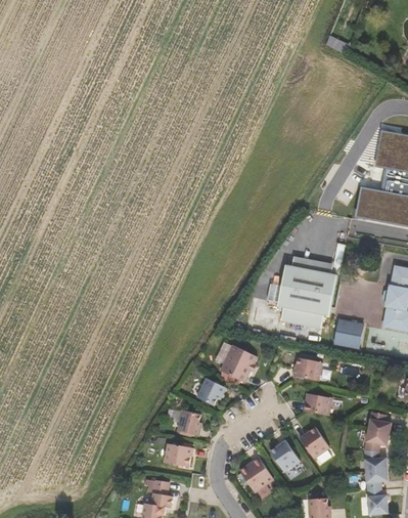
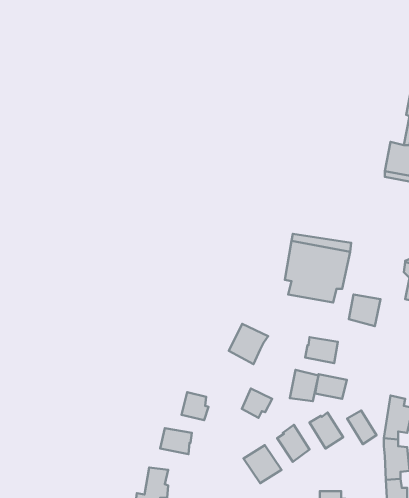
building: [200,379,228,405] -> [242,389,272,418]
building: none -> [290,370,318,401]
building: none -> [347,411,376,444]

